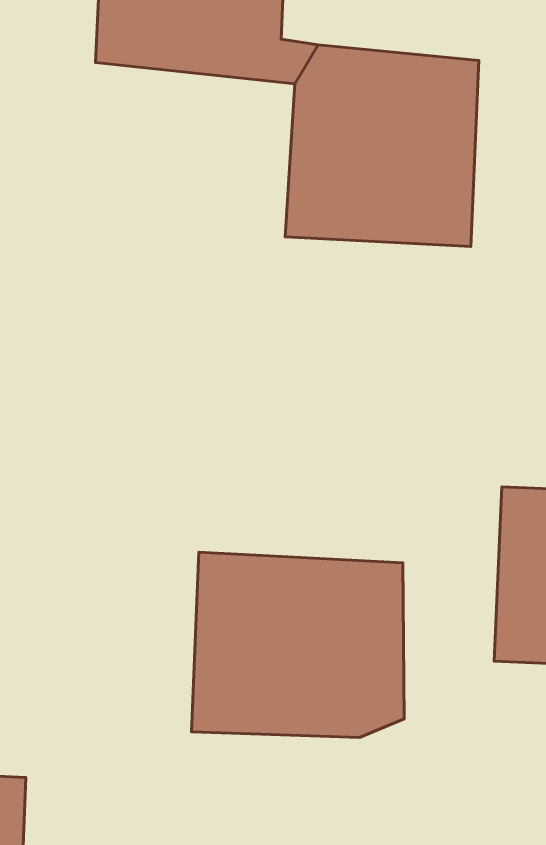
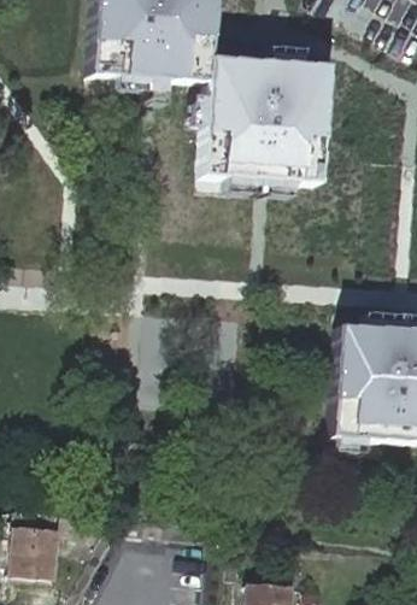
building: [191,552,404,737] -> none

